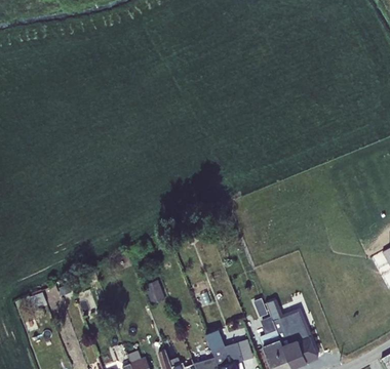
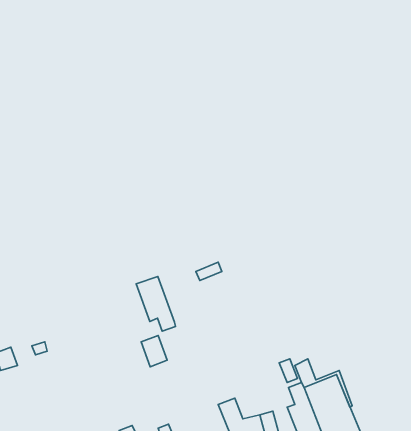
building: none -> [136,277,175,331]

